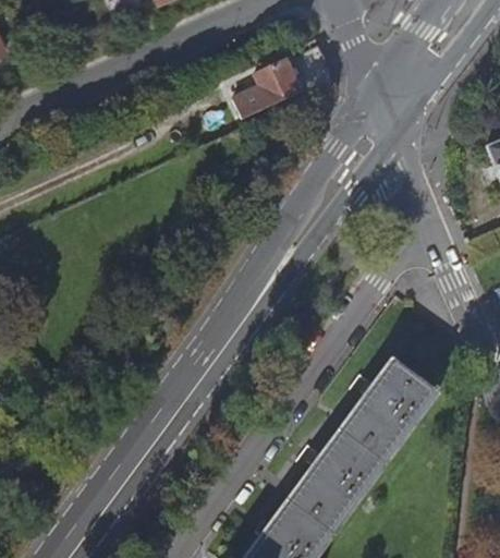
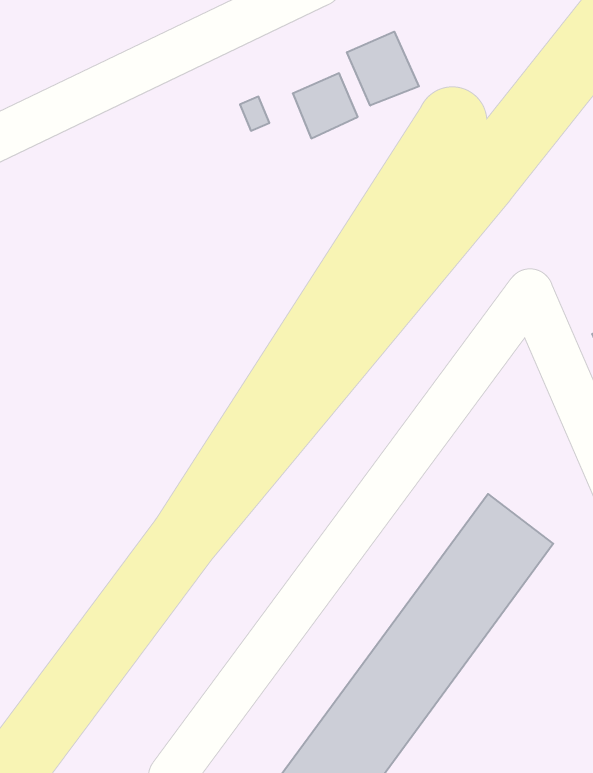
building: none -> [347,32,419,106]

